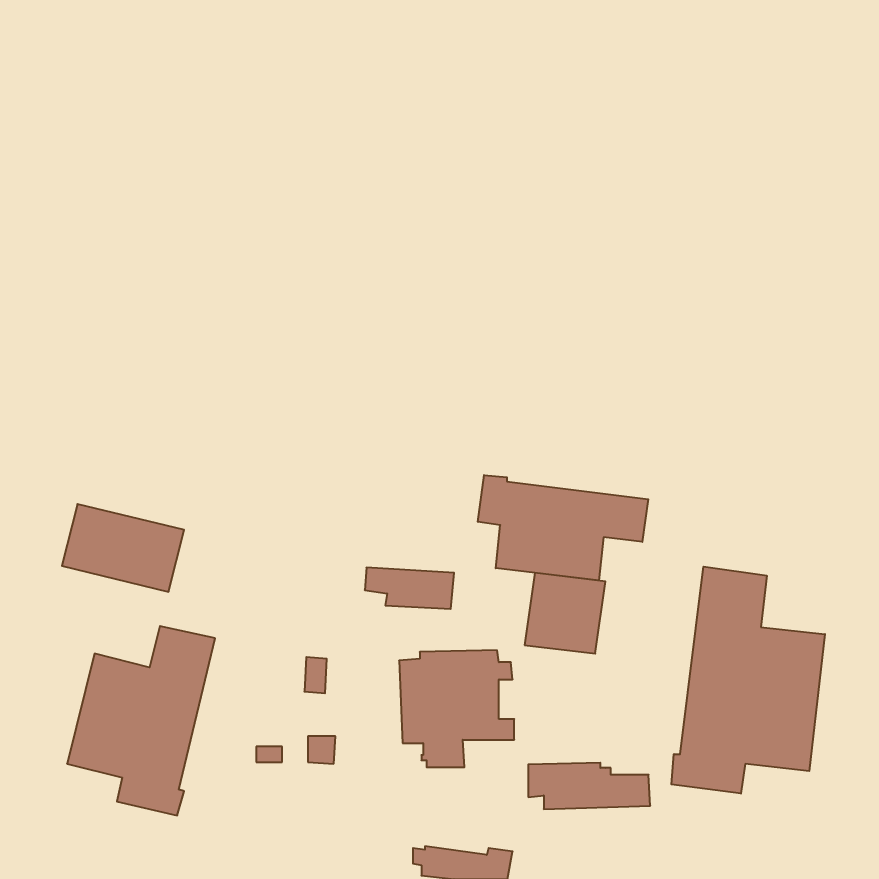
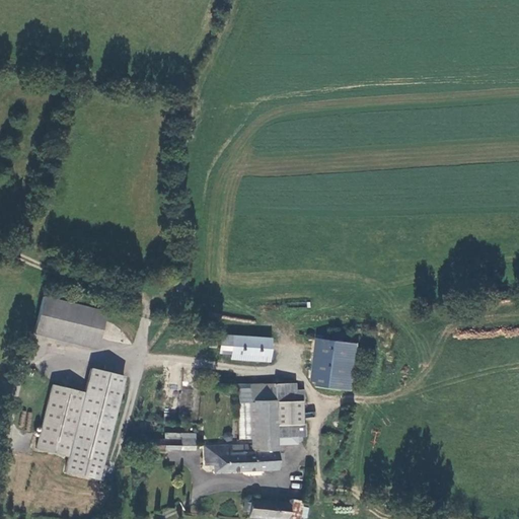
building: [478,475,648,580] -> none
building: [671,567,825,794] -> none
building: [528,763,650,809] -> [203,445,275,472]

